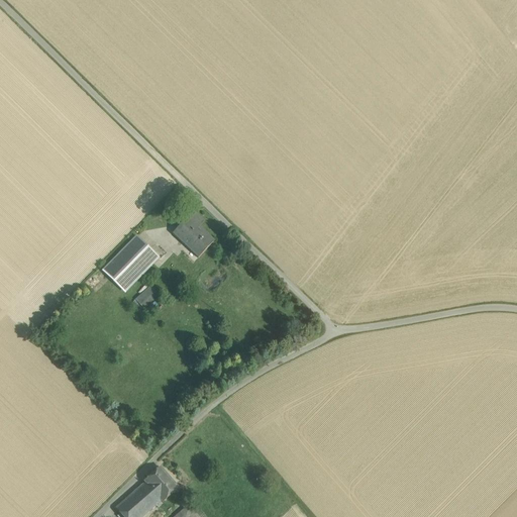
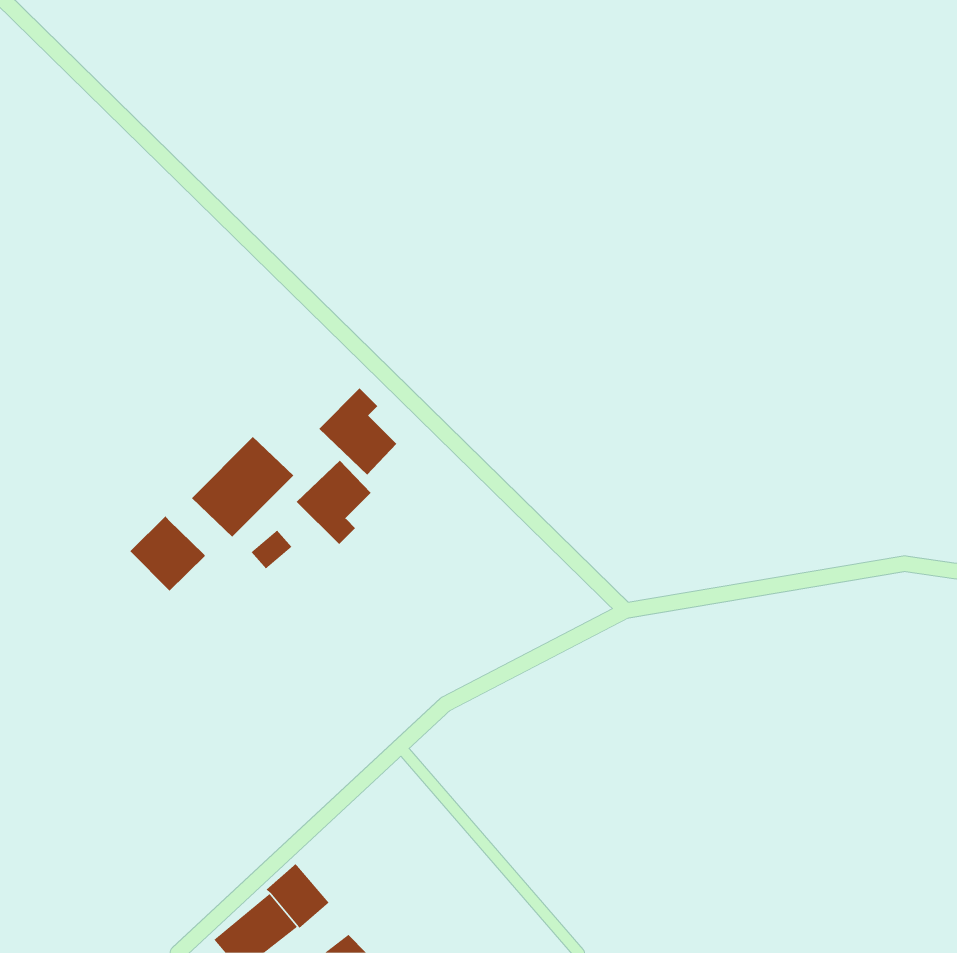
building: none -> [296,460,371,545]
building: none -> [129,516,206,591]

